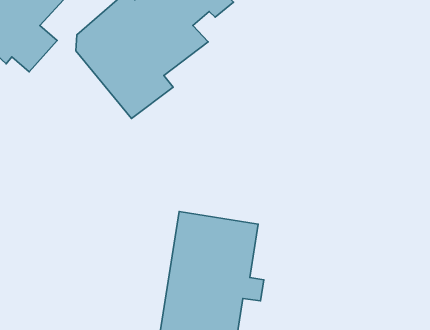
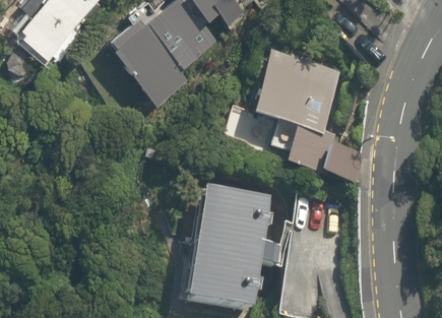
building: none -> [240,49,366,180]

